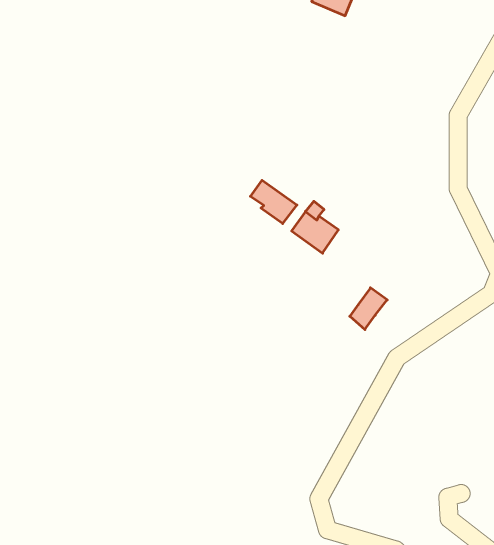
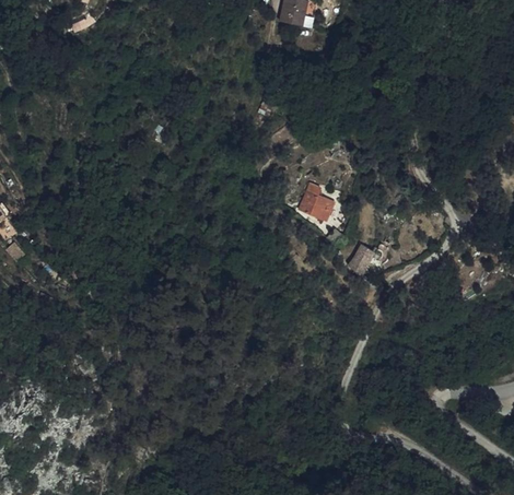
building: [250,180,297,224] -> none

